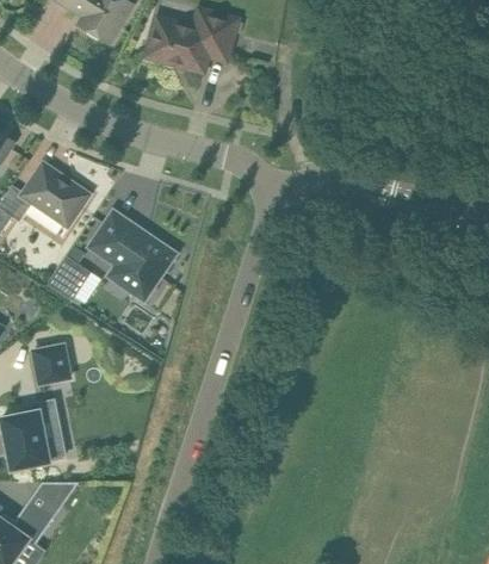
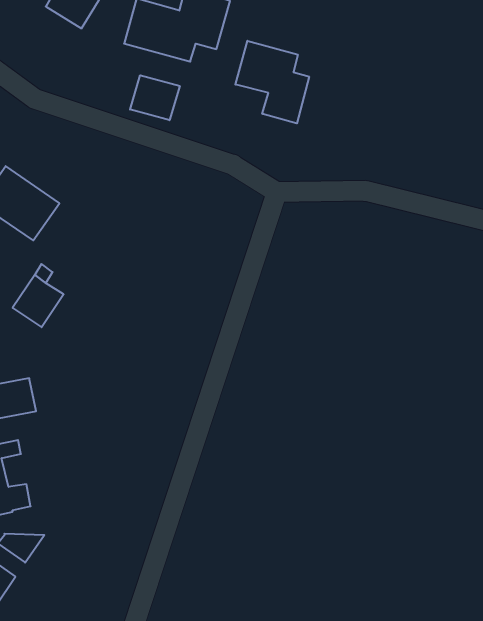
building: none -> [235,41,309,123]
building: none -> [130,75,180,120]
building: [88,210,175,300] -> none

